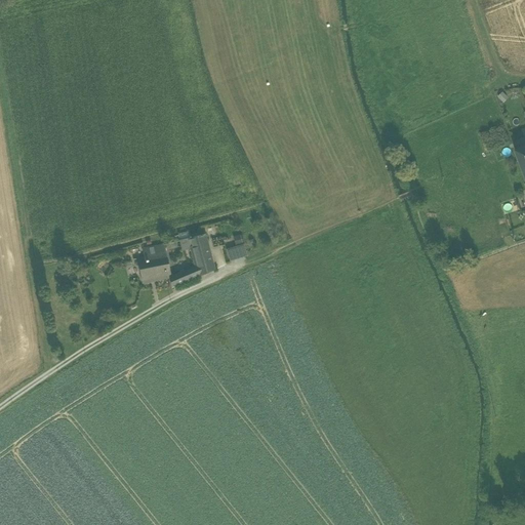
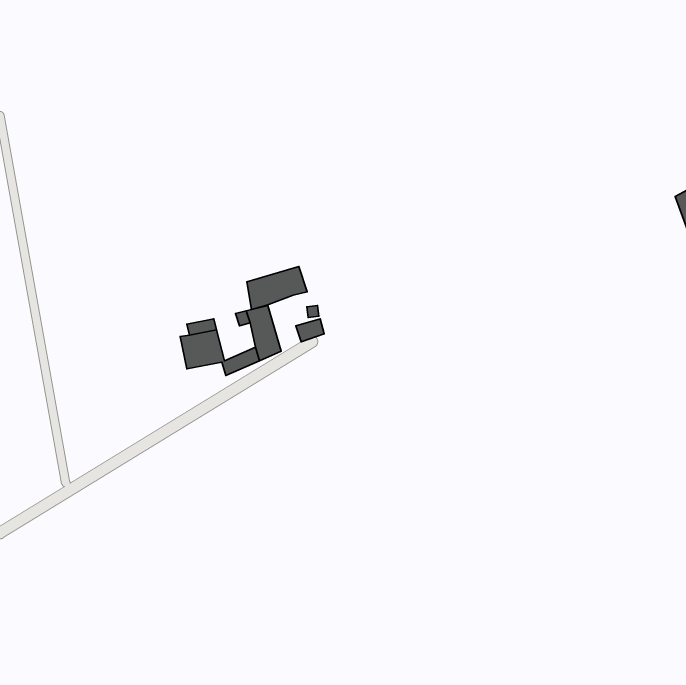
building: none -> [247,267,307,310]

